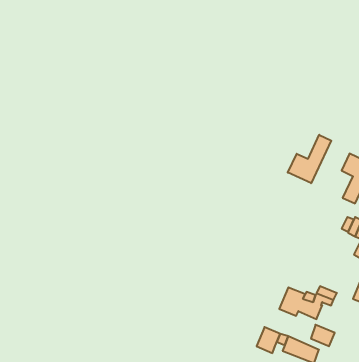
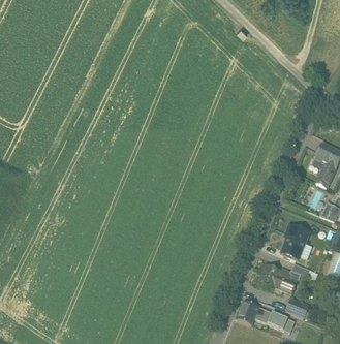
building: [288,135,331,183] -> none
building: none -> [281,224,308,259]

